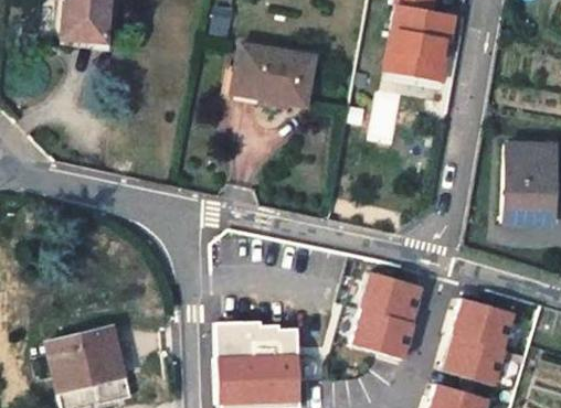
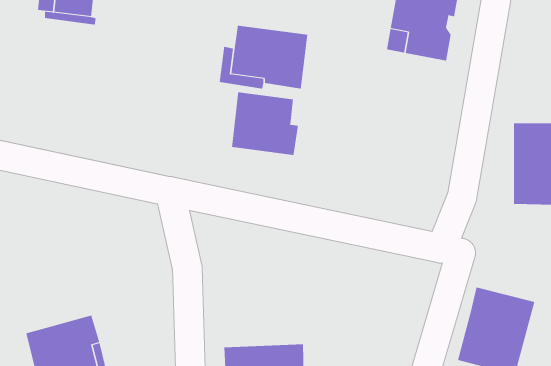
building: none -> [232,91,298,156]
building: [357,272,431,357] -> none
building: [225,320,303,356] -> none

